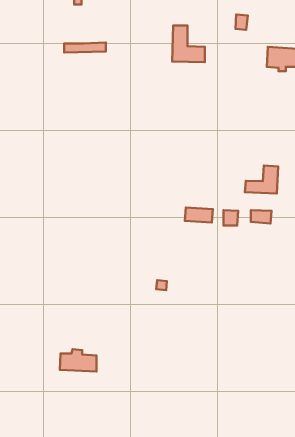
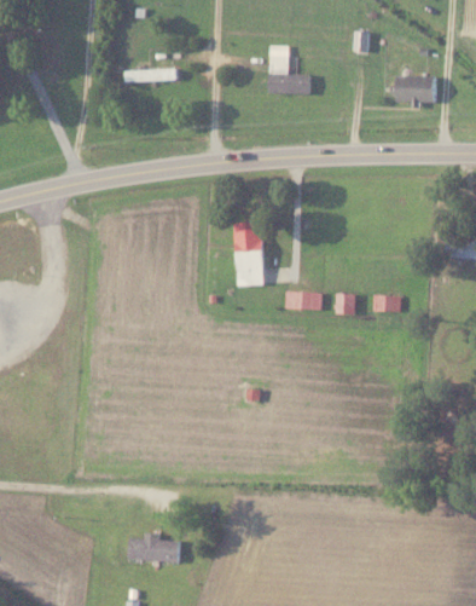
building: none -> [236,223,266,287]
building: [245,166,278,194] -> none
building: [60,349,97,372] -> [127,532,176,562]

